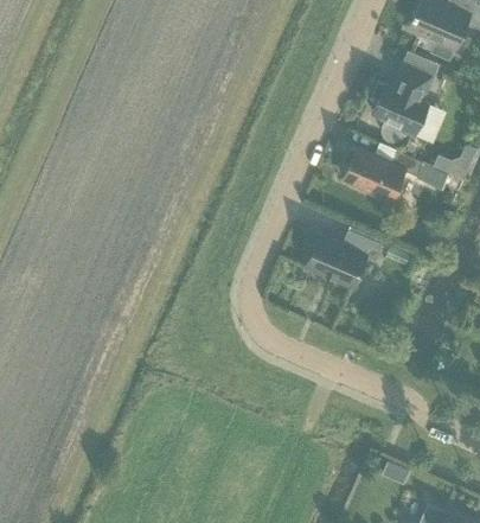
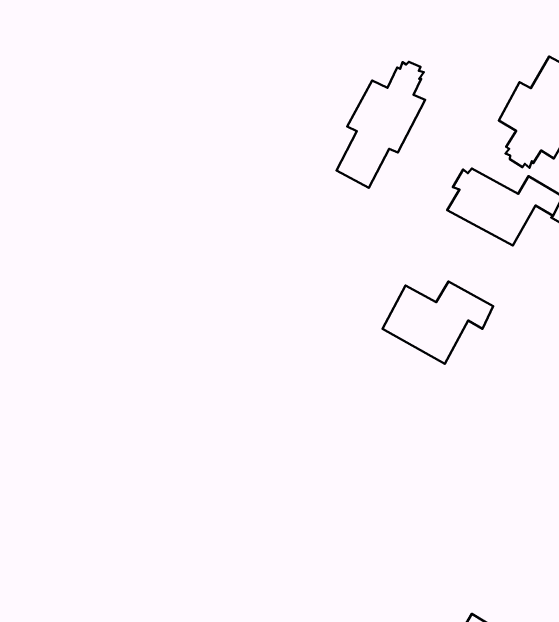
building: none -> [337,62,425,188]

